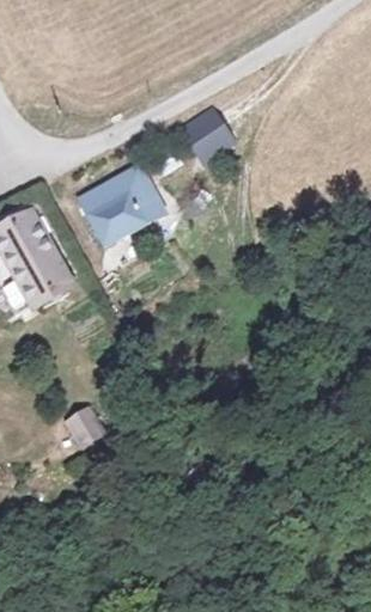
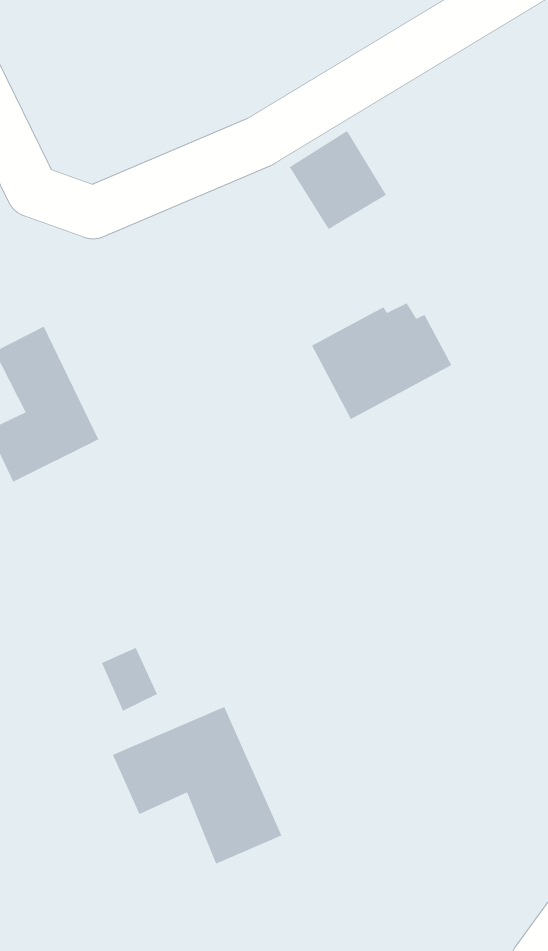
building: [78,176,164,247] -> [311,302,452,420]
building: none -> [112,706,282,864]

